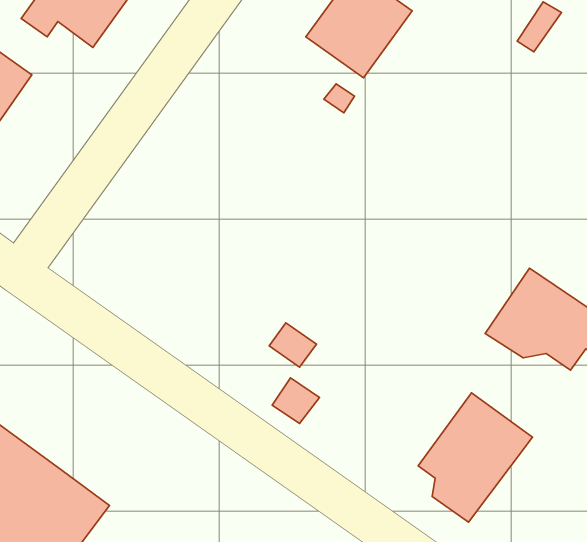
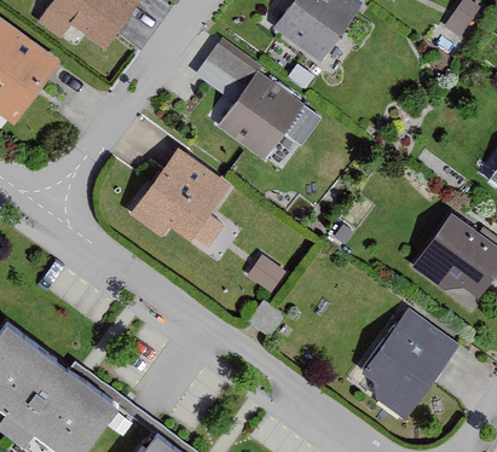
building: none -> [212,41,305,153]
building: none -> [129,152,225,242]

